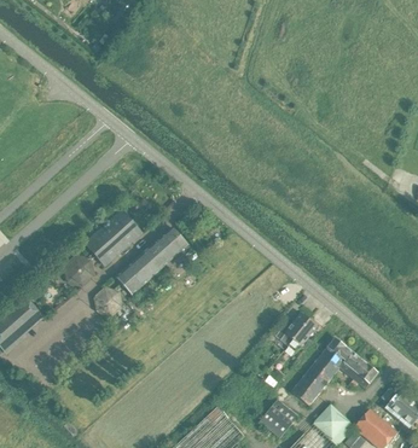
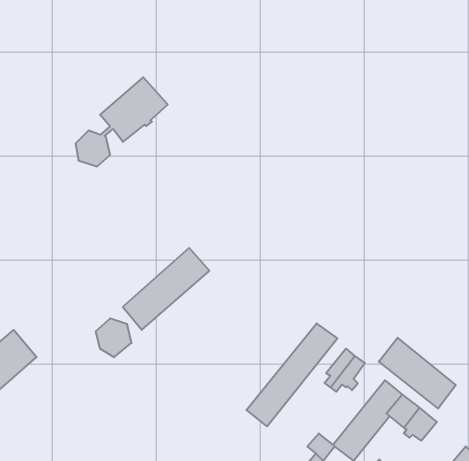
building: [64,210,141,285] -> [76,77,168,166]
building: none -> [246,323,337,426]
building: none -> [379,338,456,409]

